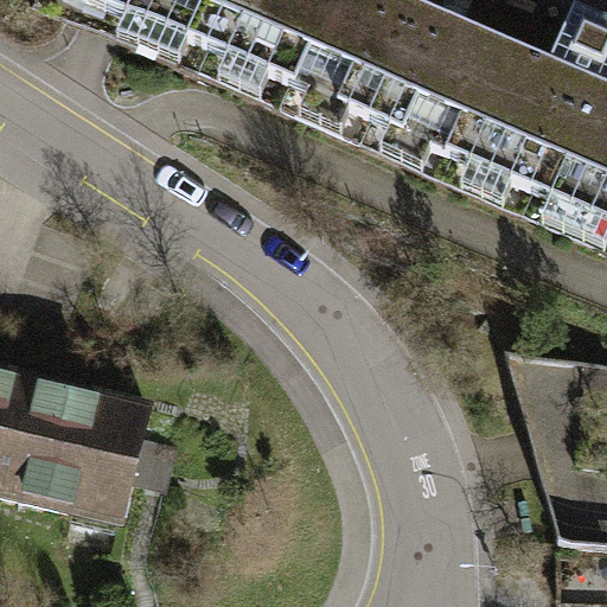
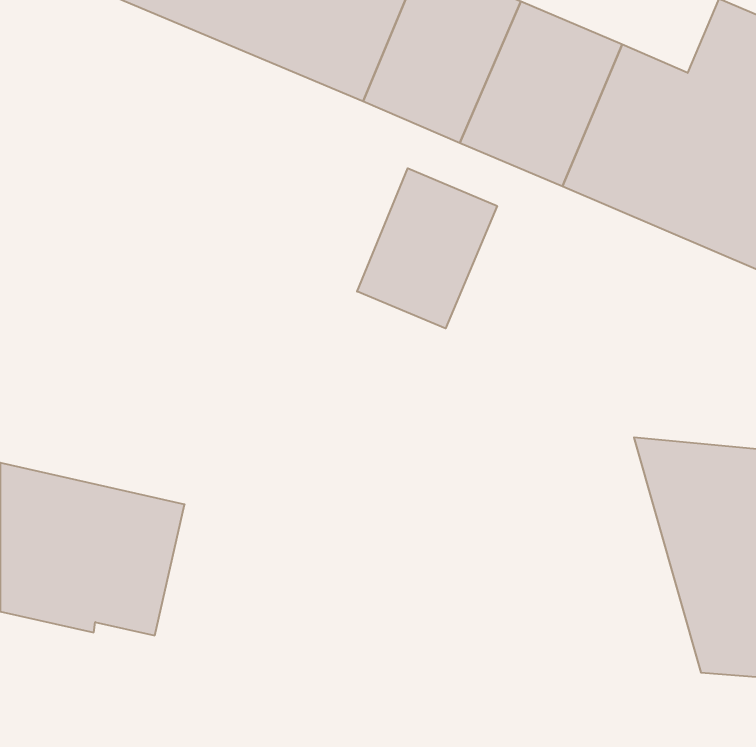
building: none -> [357,168,497,328]

